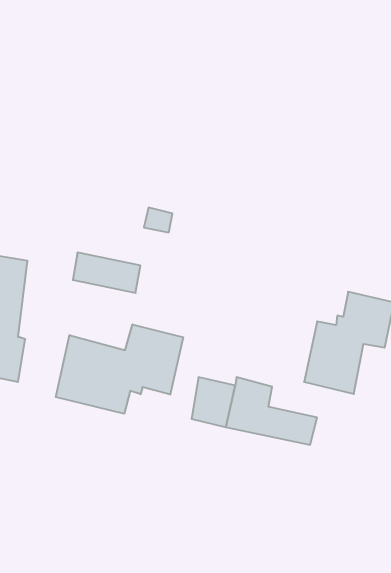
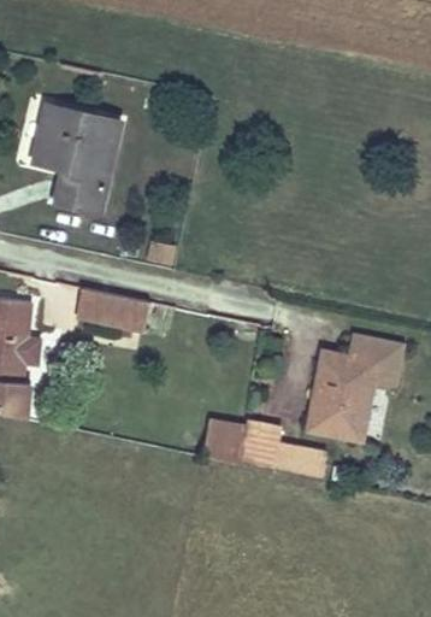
building: none -> [35,104,114,213]
building: [56,324,183,414] -> none

